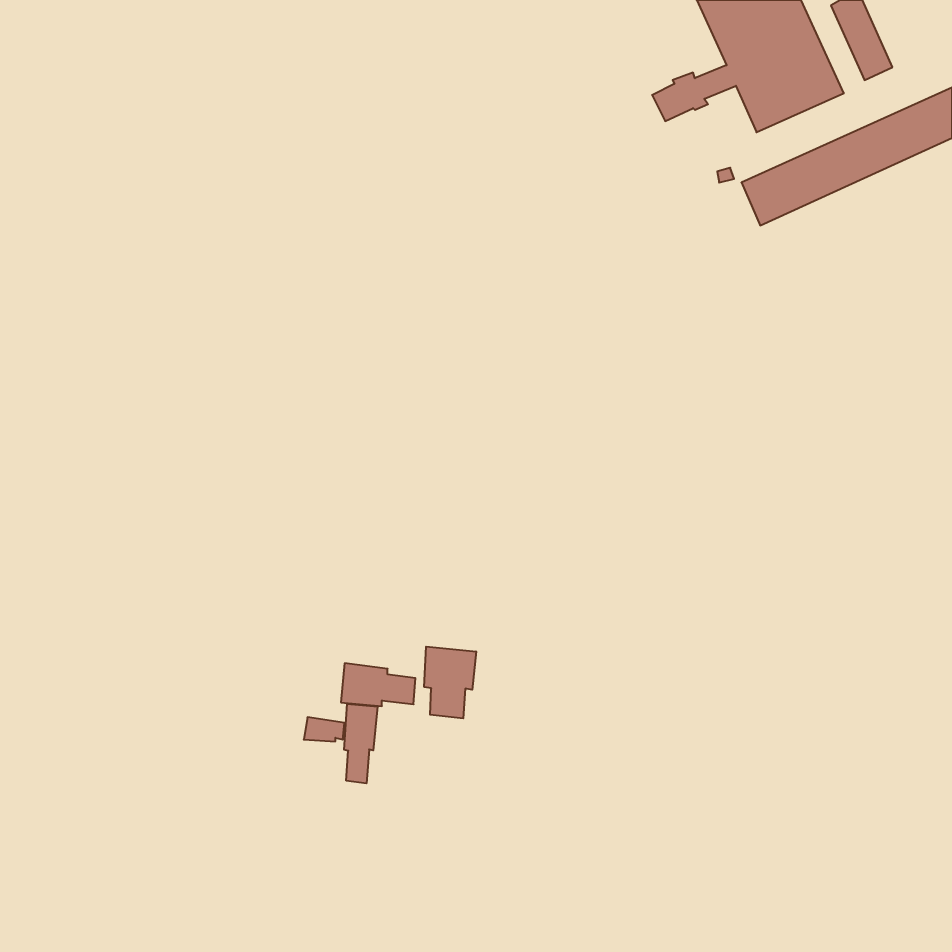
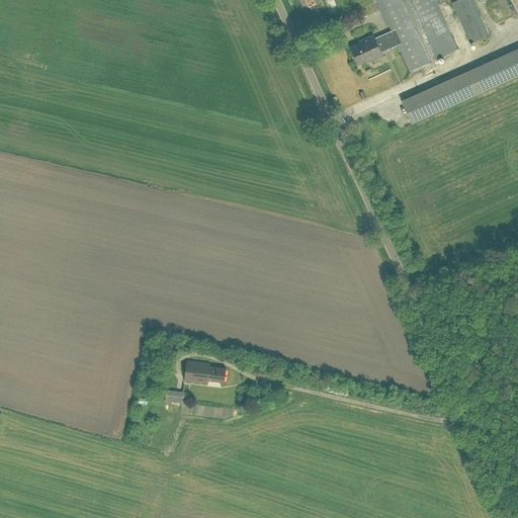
building: [424,647,476,718] -> none
building: [344,704,378,783] -> none

